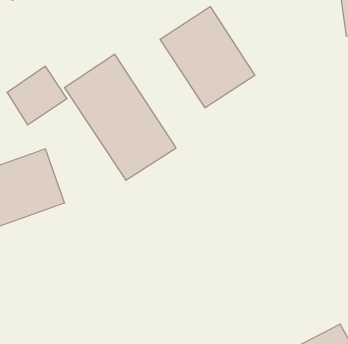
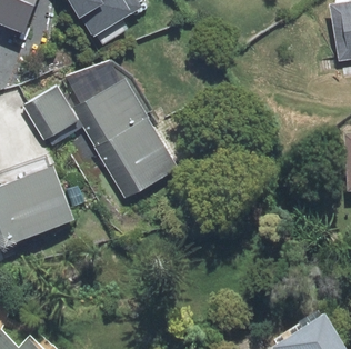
building: [160,7,255,108] -> none

